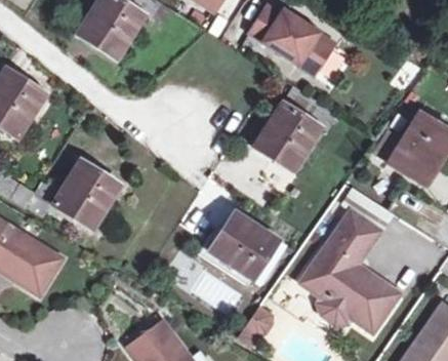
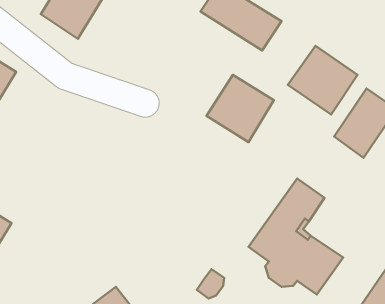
building: none -> [288,46,357,114]
building: [60,156,133,230] -> none
building: [210,208,281,276] -> none

